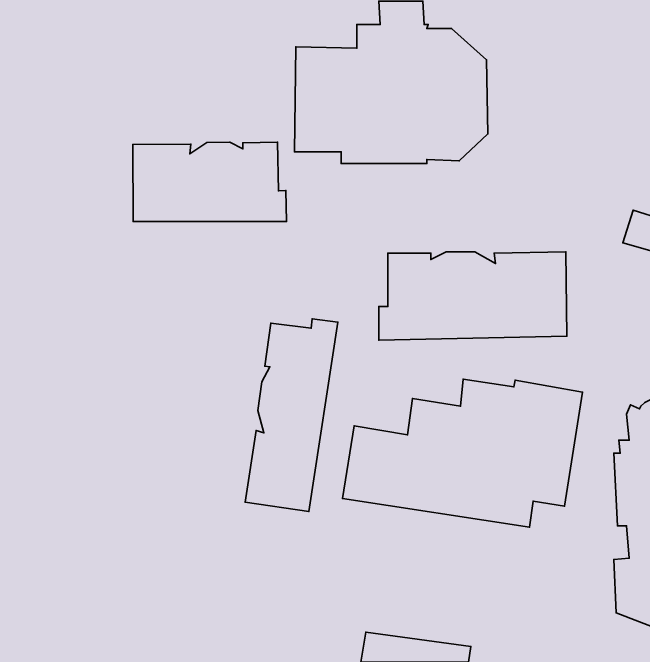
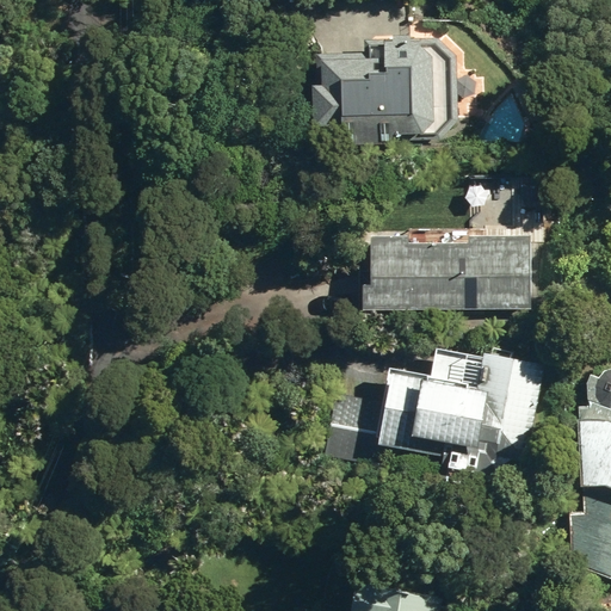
building: [133,142,286,221] -> none
building: [245,319,338,512] -> none

